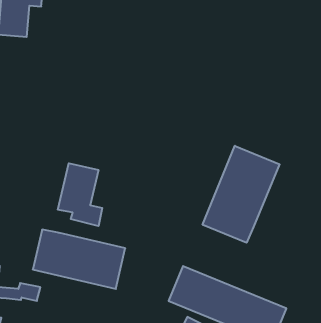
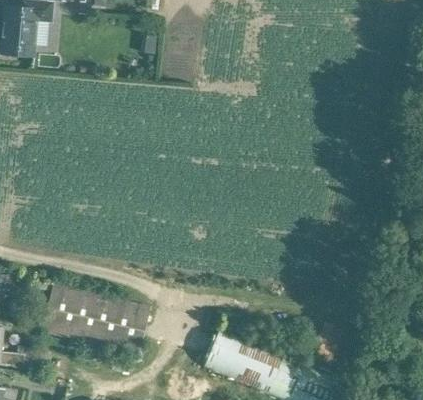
building: [203,146,280,243] -> none
building: [58,163,102,226] -> none

